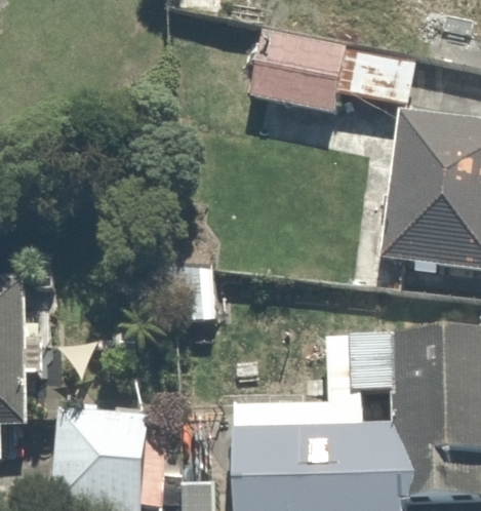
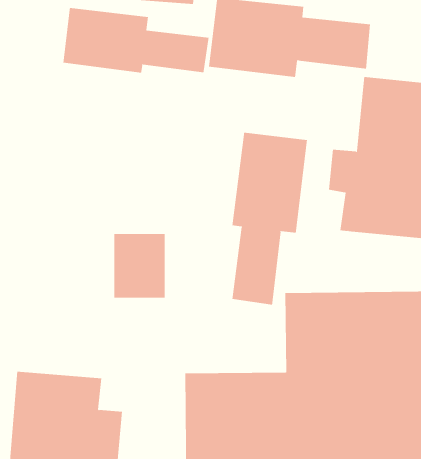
building: none -> [63,7,209,74]
building: none -> [232,132,307,306]

